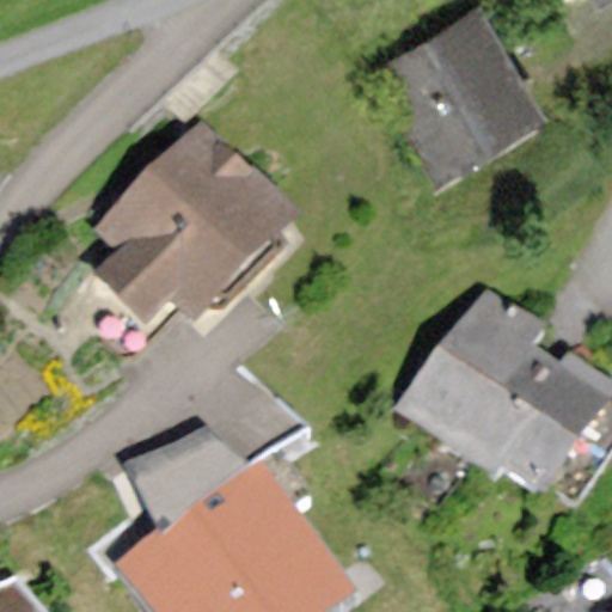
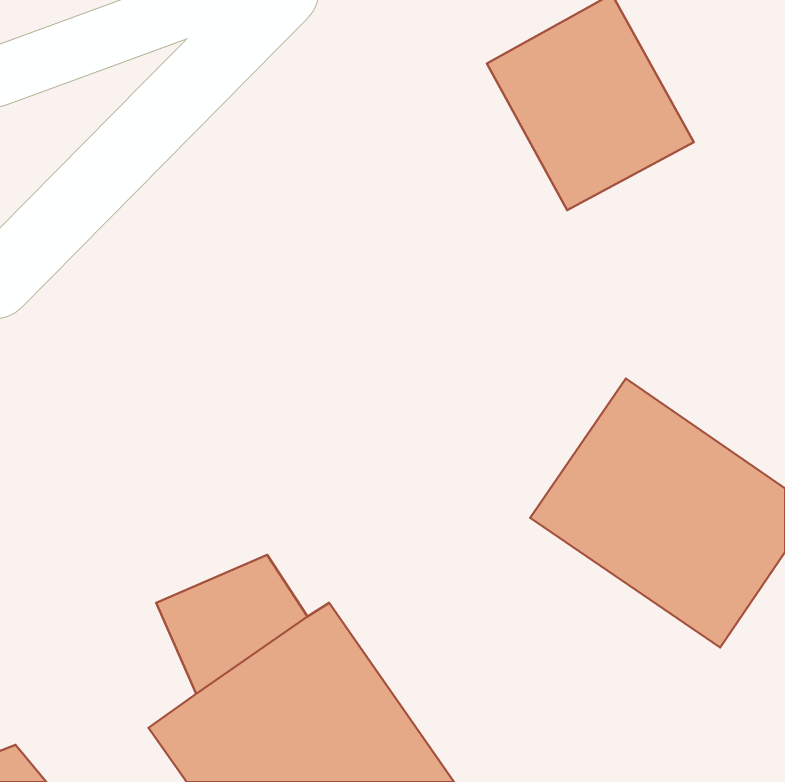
building: [90,123,298,325] -> none

